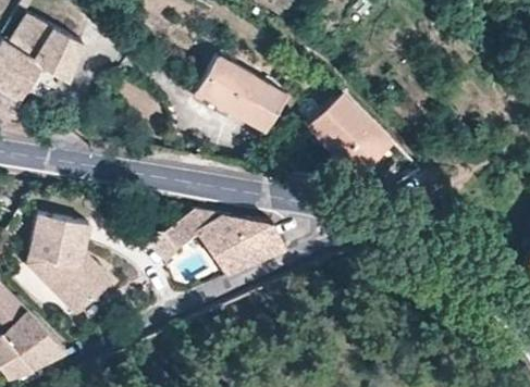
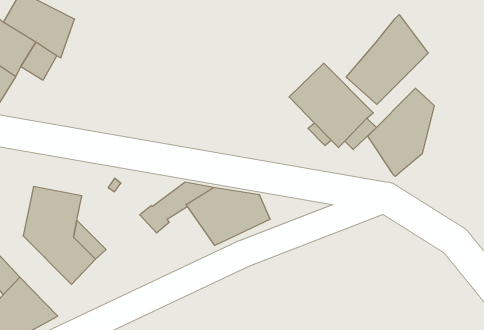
building: none -> [346,15,428,104]
building: [196,54,285,130] -> none
building: none -> [368,88,434,176]

